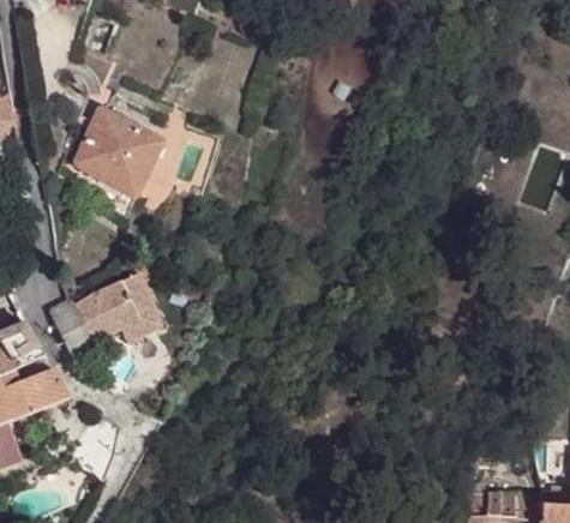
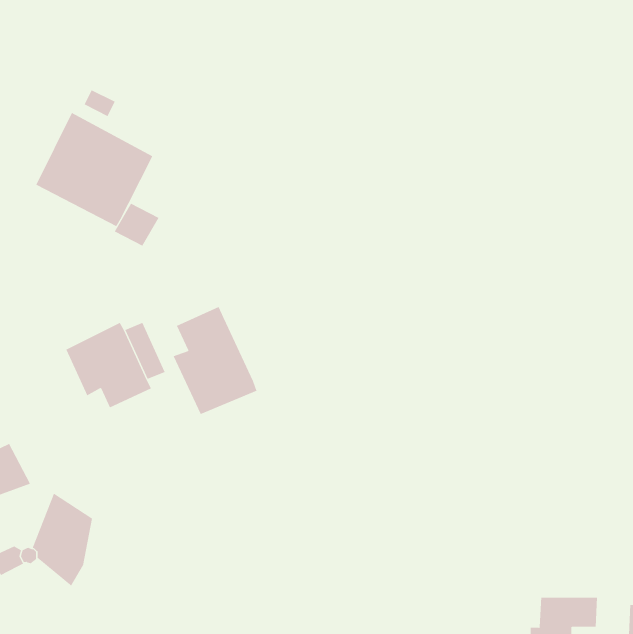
building: none -> [173,306,257,415]
building: [54,294,110,360] -> none

